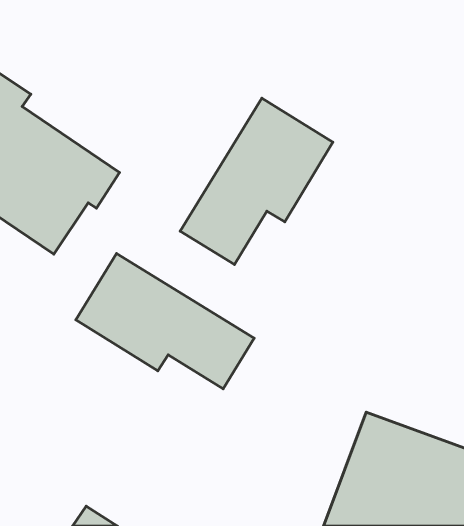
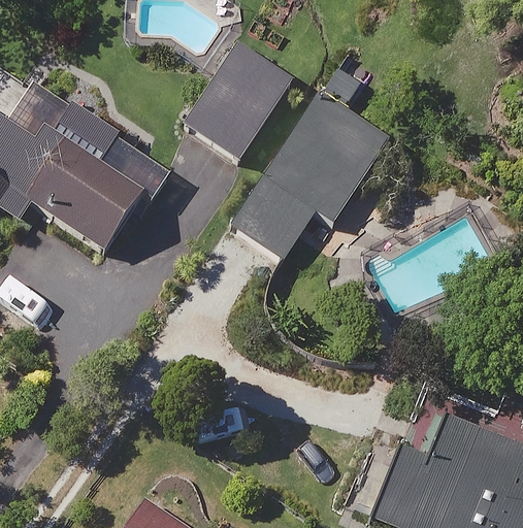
building: none -> [183,41,291,160]
building: [76,253,254,389] -> none

